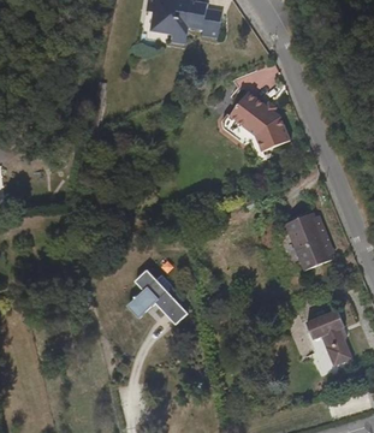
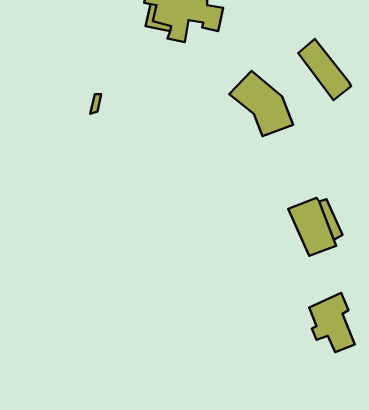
building: none -> [298,39,351,100]
building: [126,272,184,324] -> none

